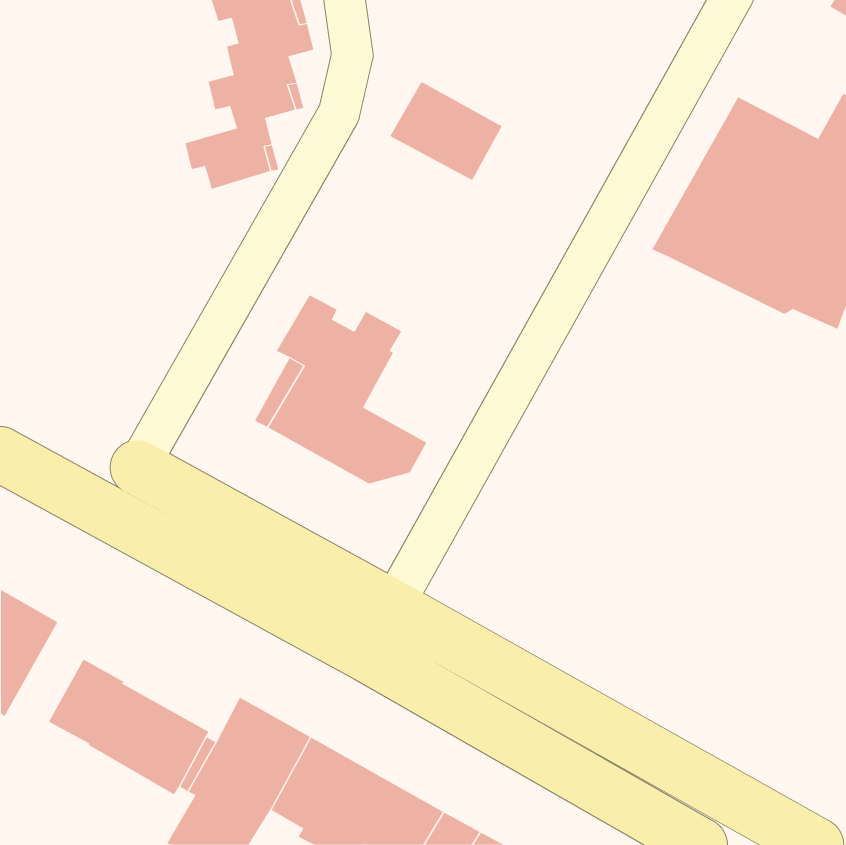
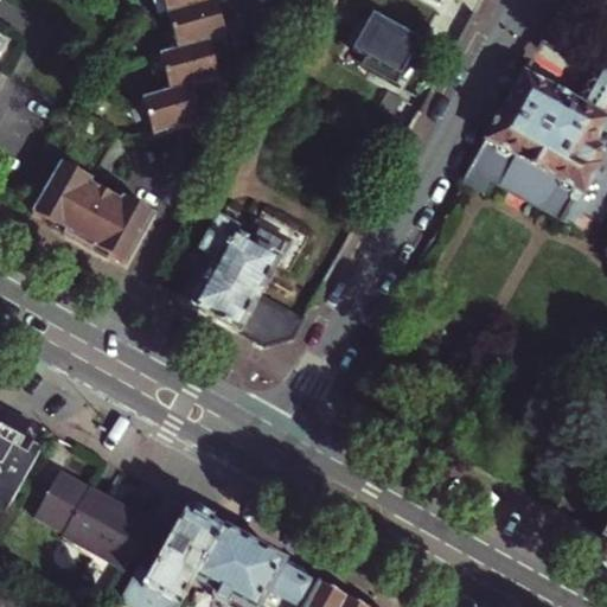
building: [389,81,502,181] -> [345,7,426,78]
building: none -> [32,160,156,263]

